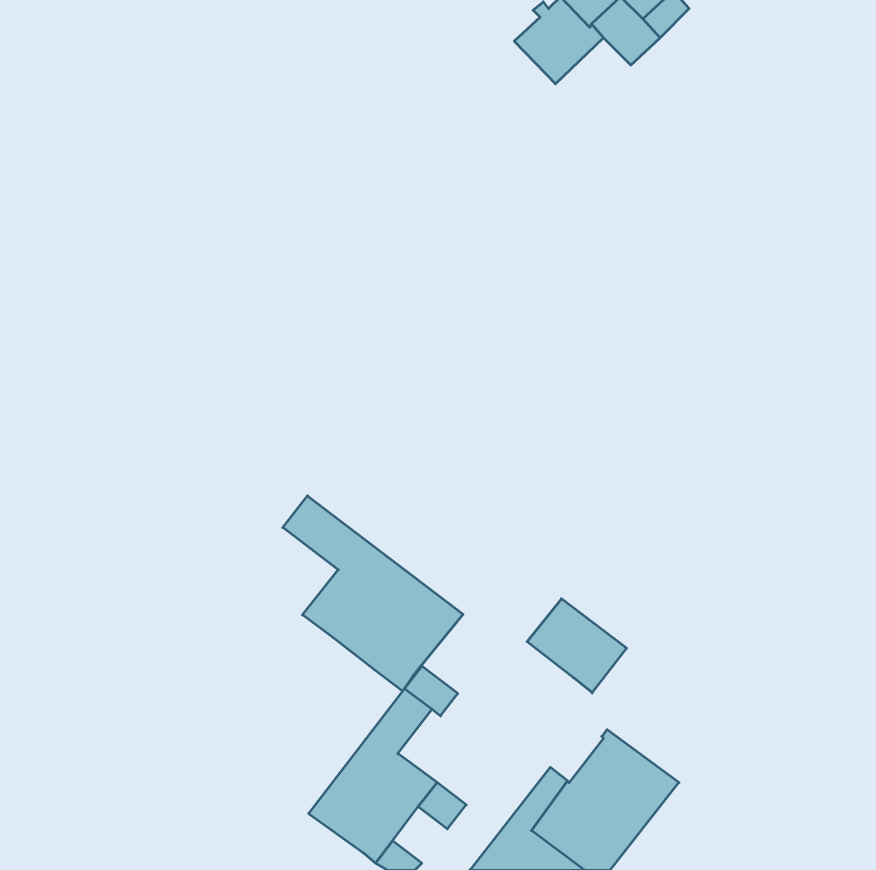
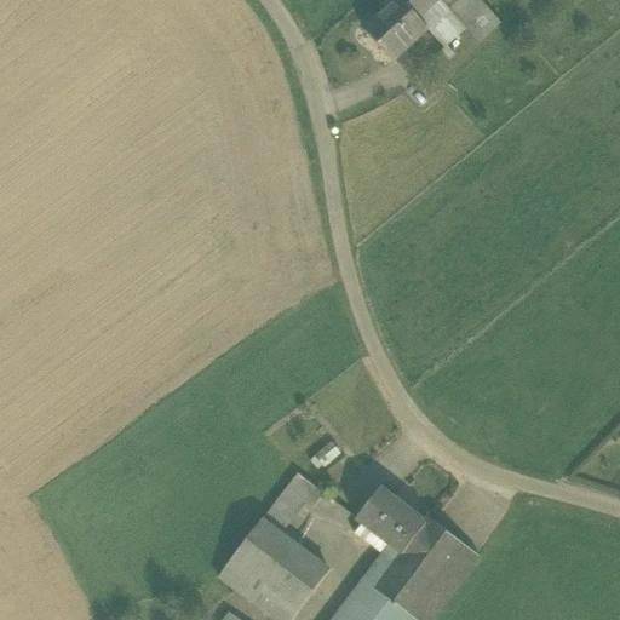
building: [283,496,463,691] -> none
building: [527,599,627,693] -> [356,487,426,553]
building: none -> [277,570,316,610]

